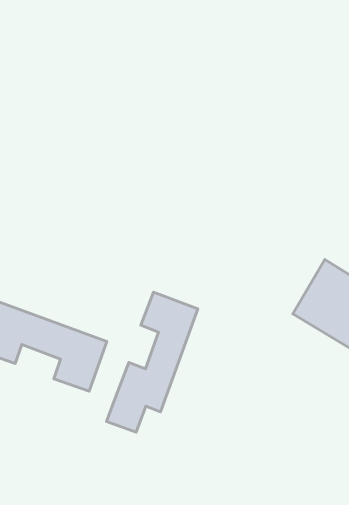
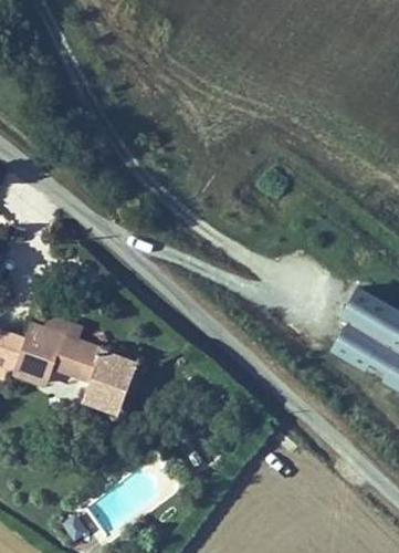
building: [107,292,198,432] -> none

